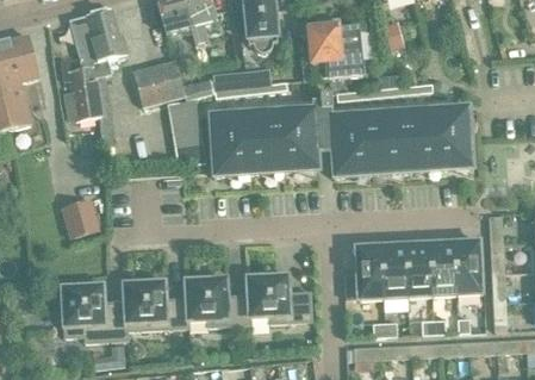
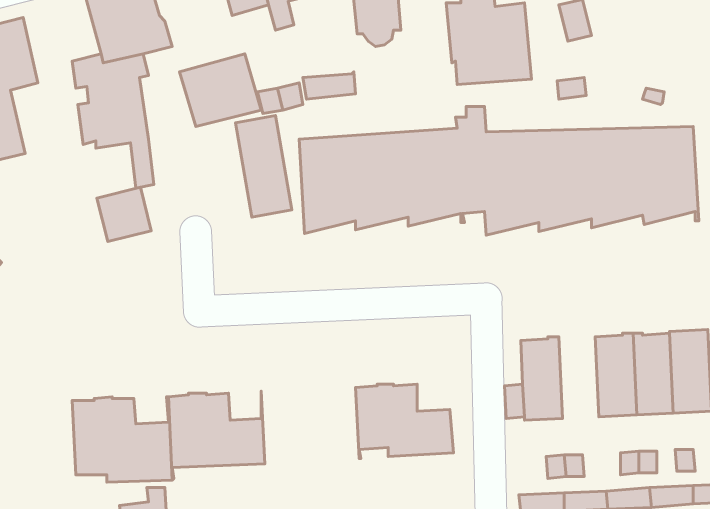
building: [62,199,98,235] -> [97,187,151,242]
building: [380,243,406,297] -> none
building: [185,276,249,326] -> none

